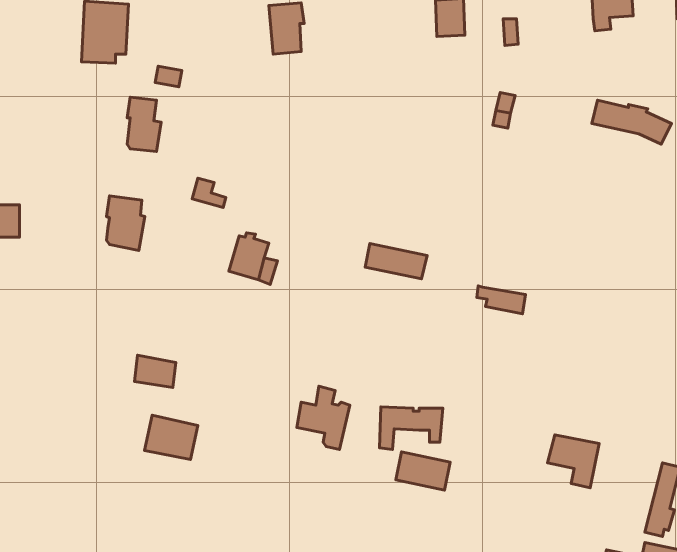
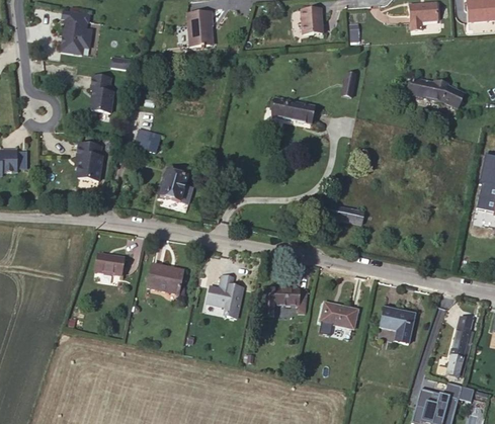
building: [365,244,427,279] -> [271,98,314,122]
building: [145,415,198,459] -> [147,263,183,293]
building: [396,452,450,490] -> [320,303,357,329]

